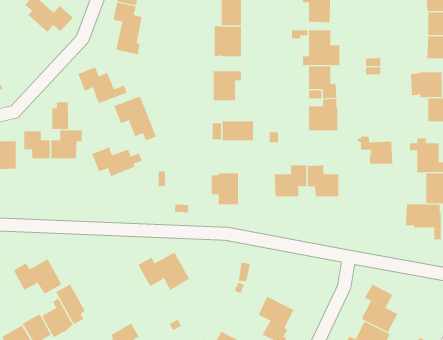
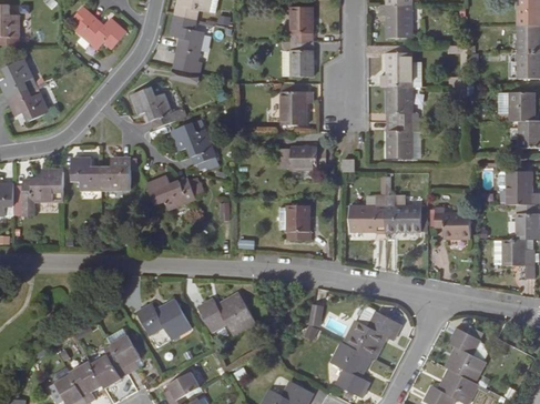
building: [52,102,69,130] -> none
building: [357,136,393,164] -> [430,206,470,238]
building: [13,258,62,294] -> [136,299,191,339]
building: none -> [343,307,400,358]

